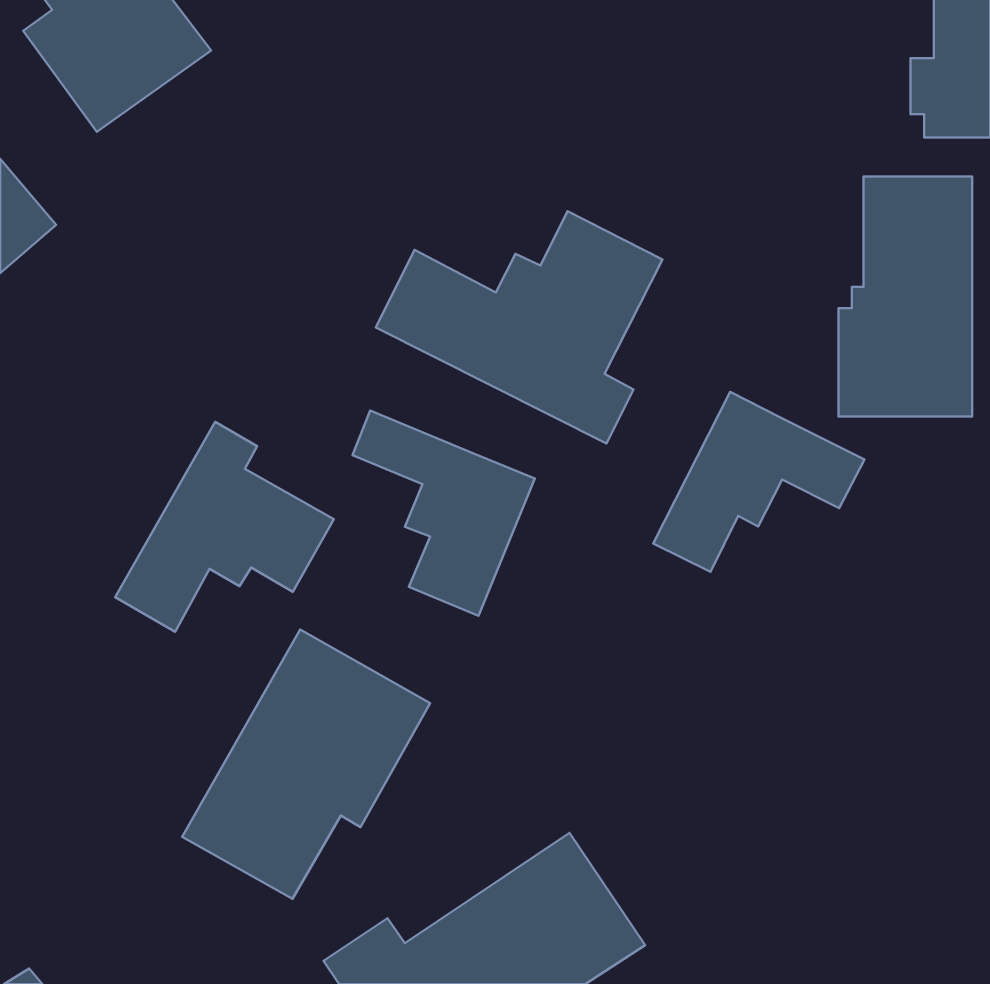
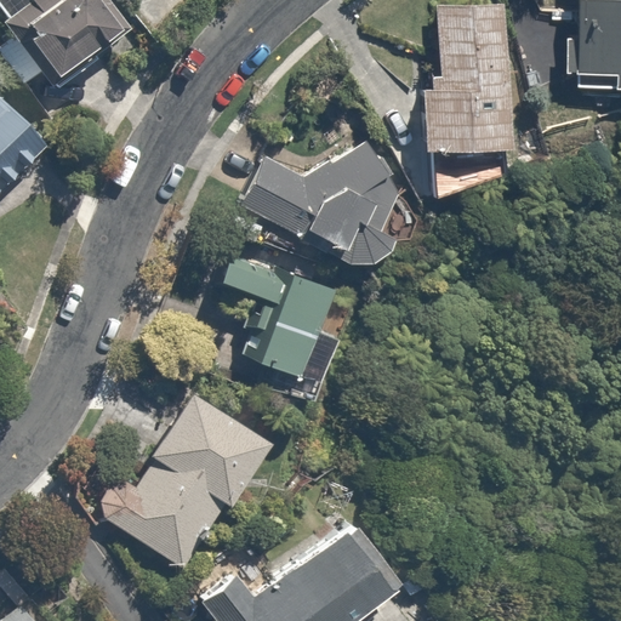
building: [838,176,972,417] -> [422,10,506,160]
building: [653,392,864,572] -> none
building: [115,422,334,632] -> none

